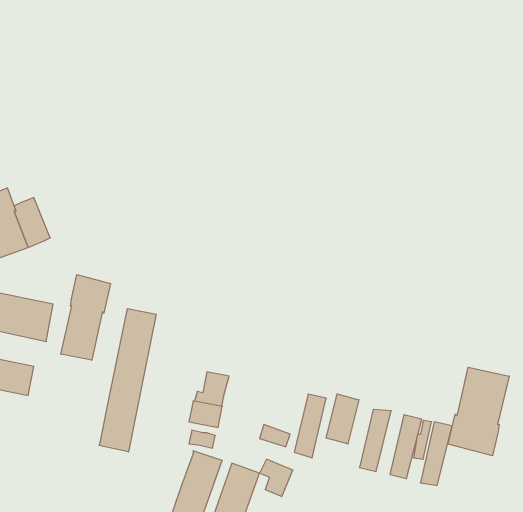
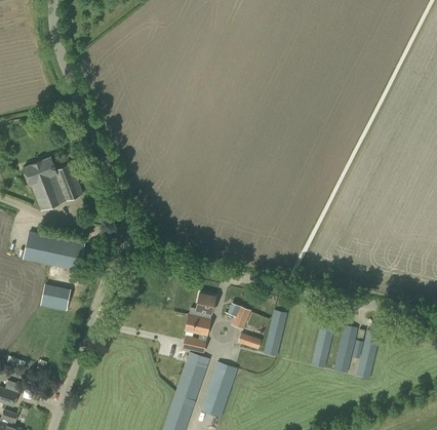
building: [61,275,110,360] -> none
building: [99,309,156,452] -> none
building: [448,367,509,456] -> none
building: [326,394,359,444] -> none
building: [260,459,293,497] -> [226,303,250,330]

